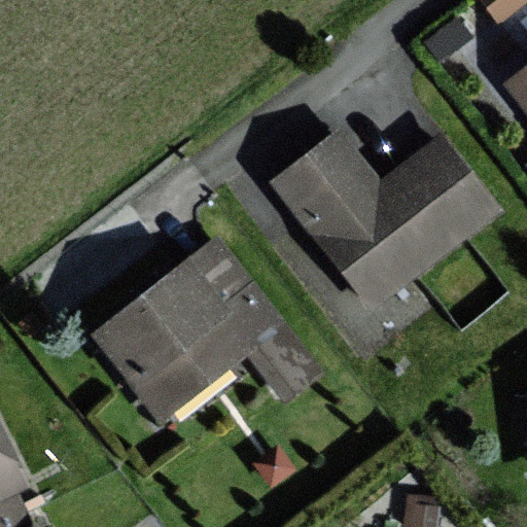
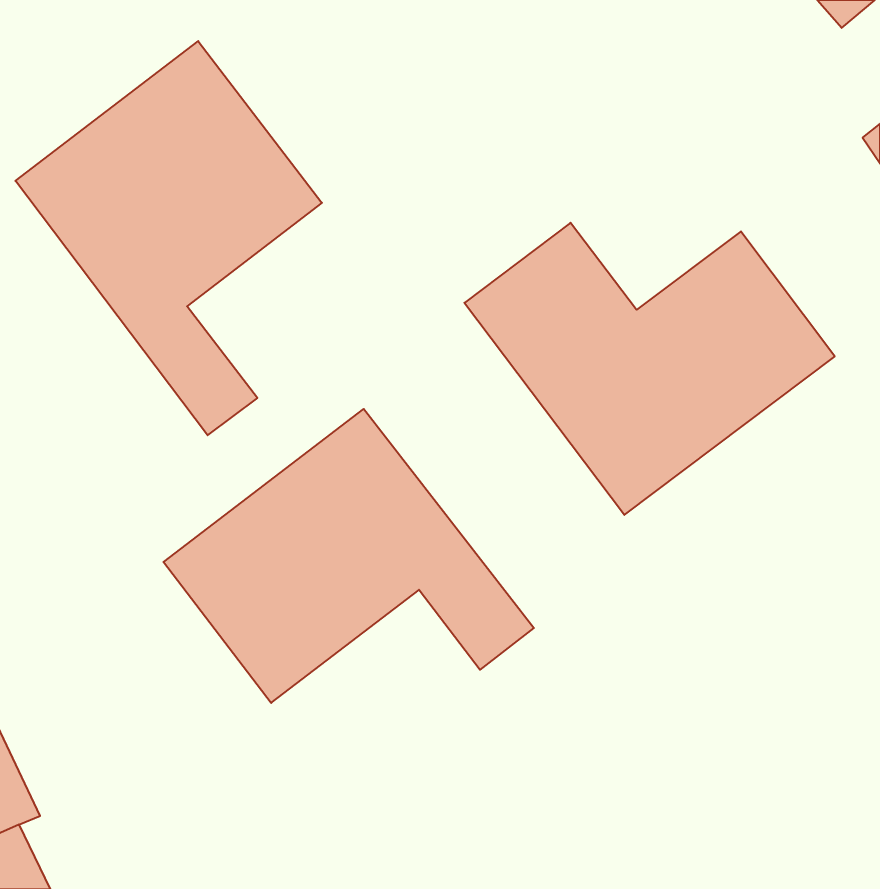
building: none -> [15,41,322,435]

